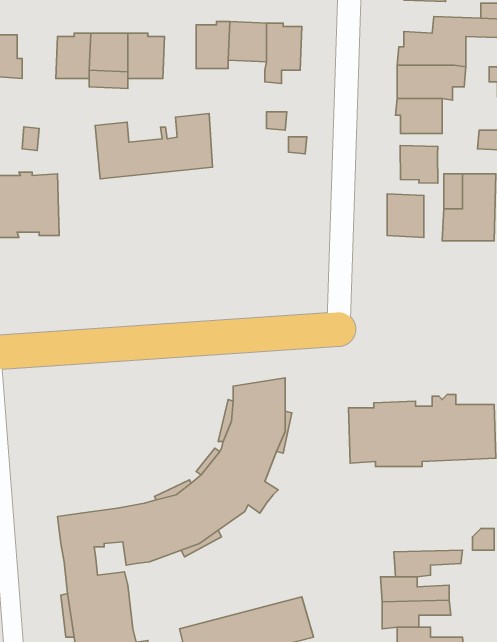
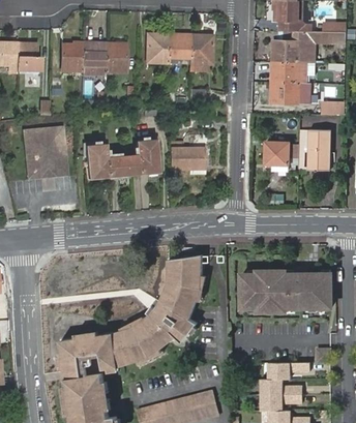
building: [95,114,212,179] -> [84,139,156,179]
building: [400,146,438,183] -> none
building: none -> [169,147,204,170]

